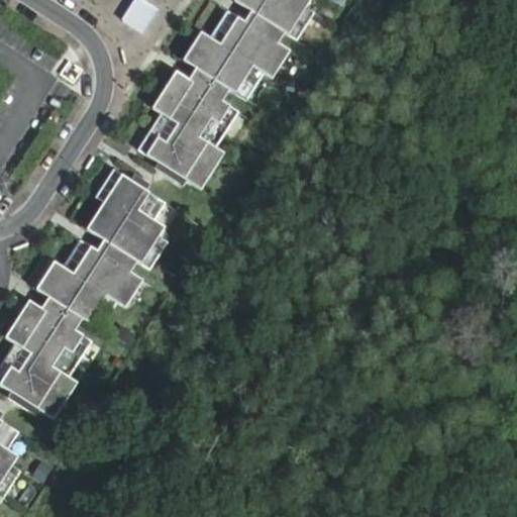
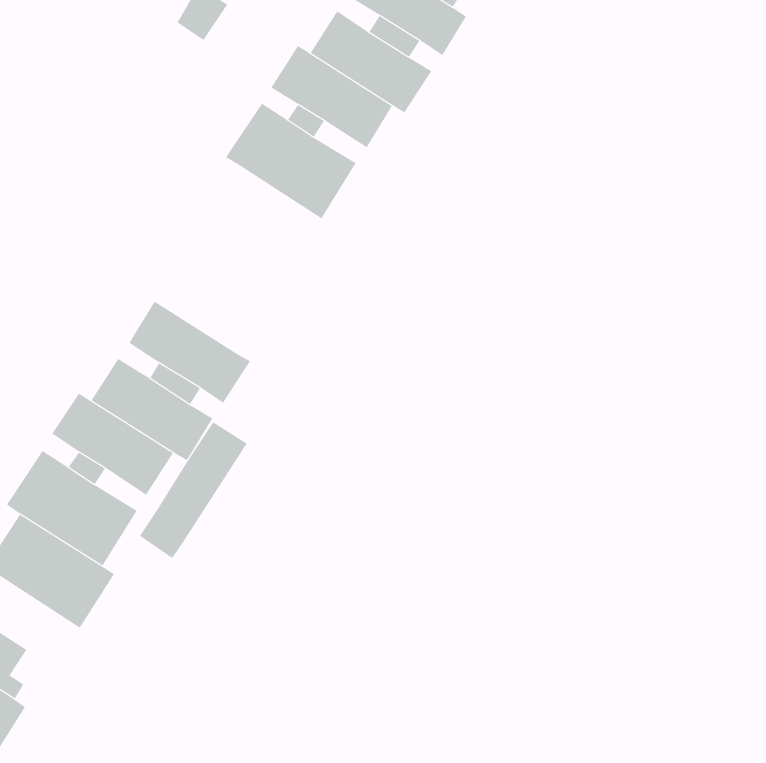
building: [137,111,224,189] -> none
building: [95,168,177,236] -> none
building: none -> [139,422,247,559]

